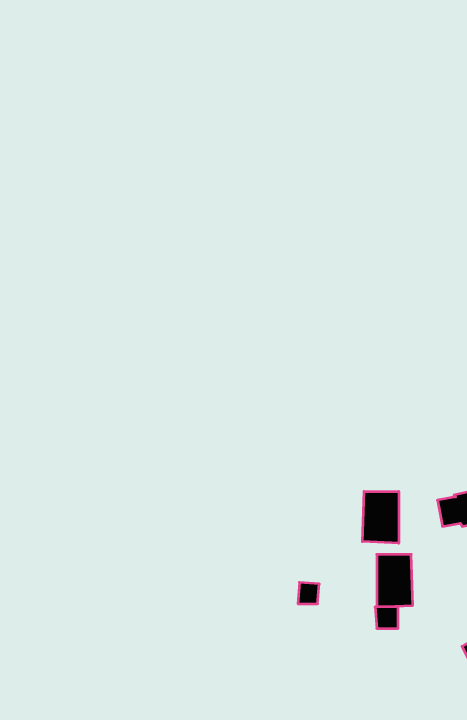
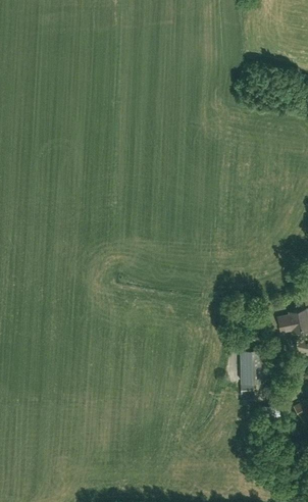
building: [362,491,399,543] -> none

